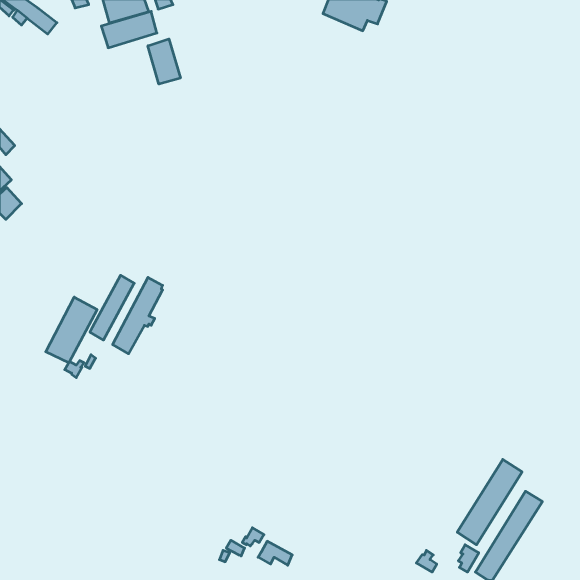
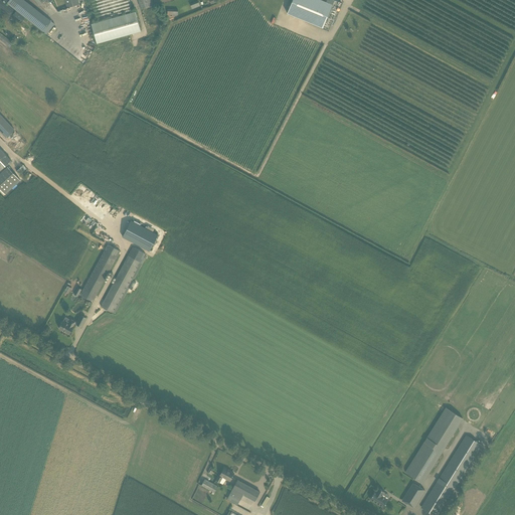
building: [148,39,180,84] -> none
building: none -> [121,219,157,250]
building: [46,297,97,363] -> none

